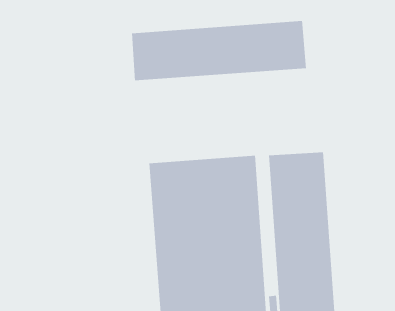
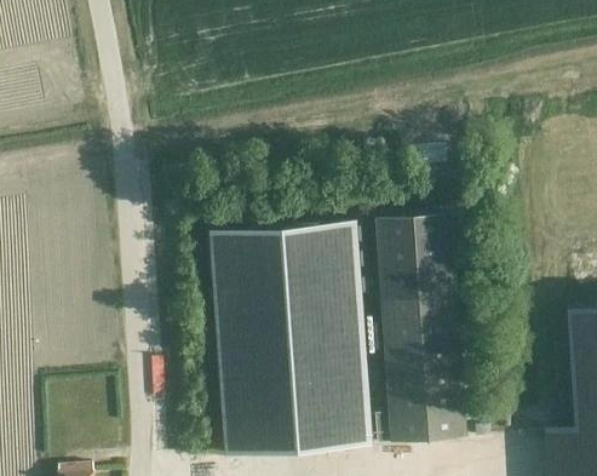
building: [131,20,307,81] -> none

